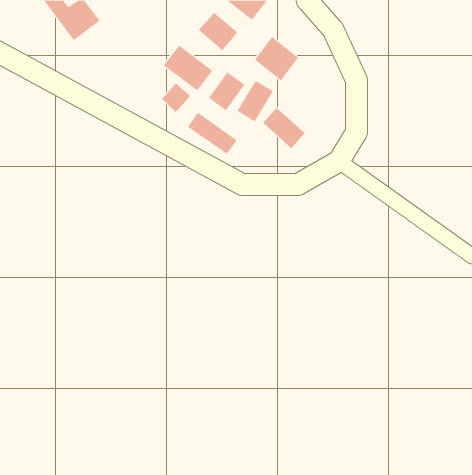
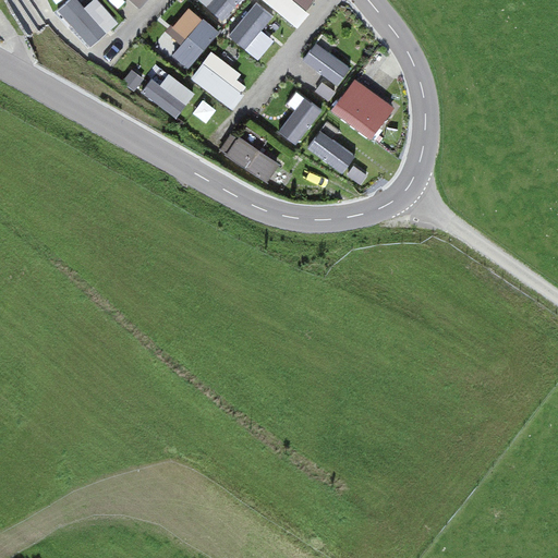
building: none -> [171,7,218,68]
building: none -> [138,63,194,117]
building: none -> [332,78,393,138]
building: [208,71,245,111] -> none

